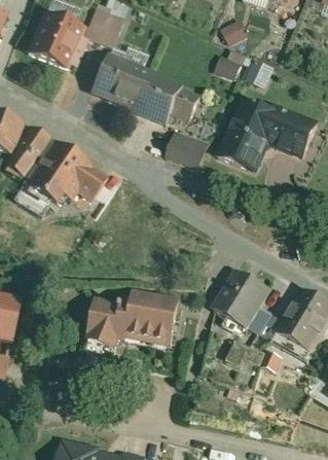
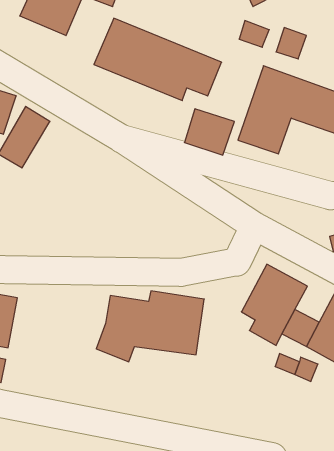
building: [23,145,103,210] -> none

